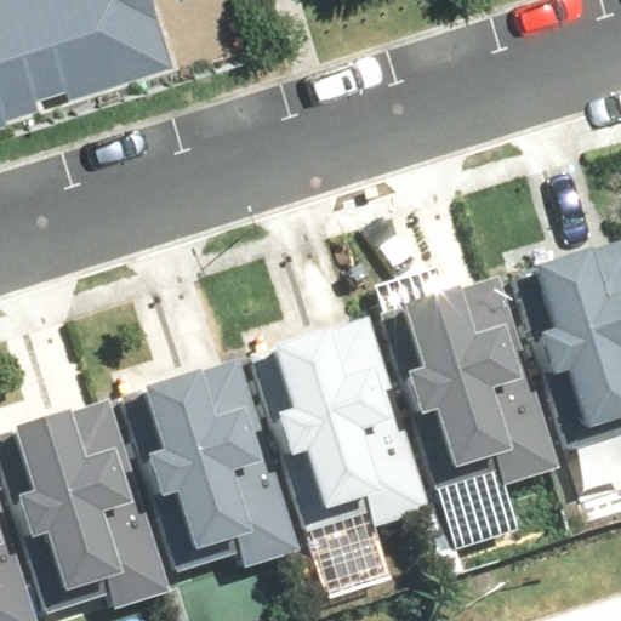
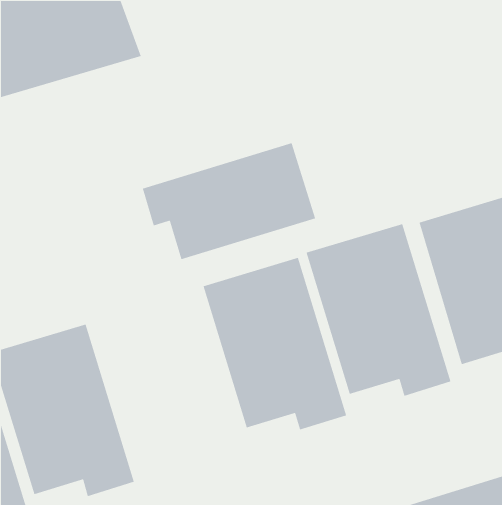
building: none -> [142,142,316,260]
building: [121,355,300,568] -> none

